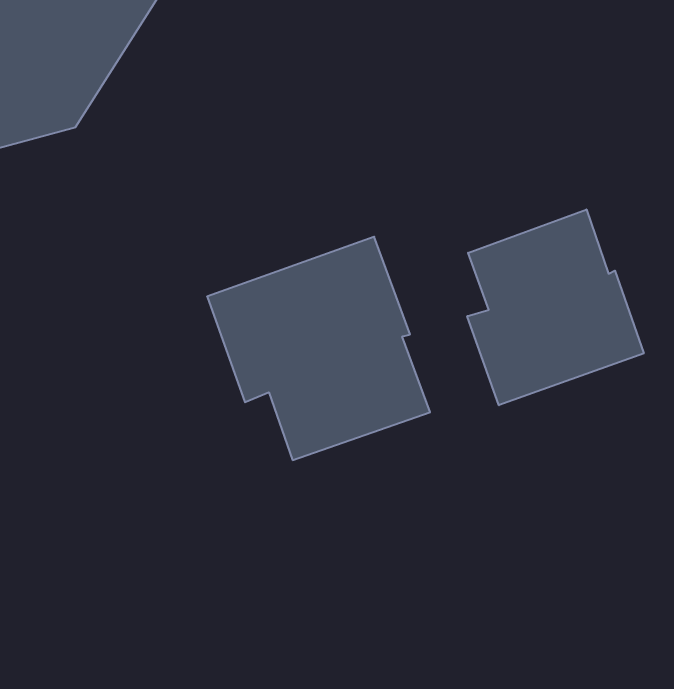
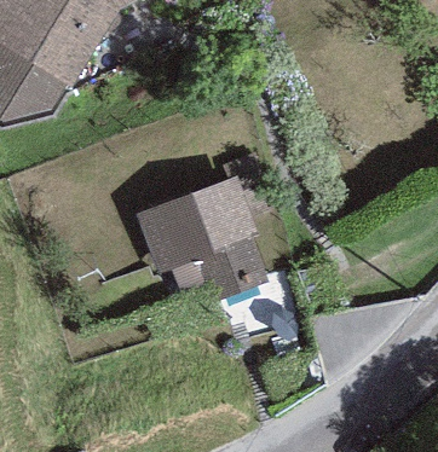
building: [467,209,644,405] -> none

